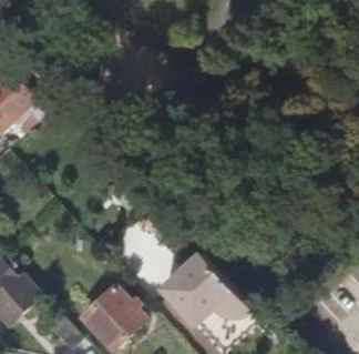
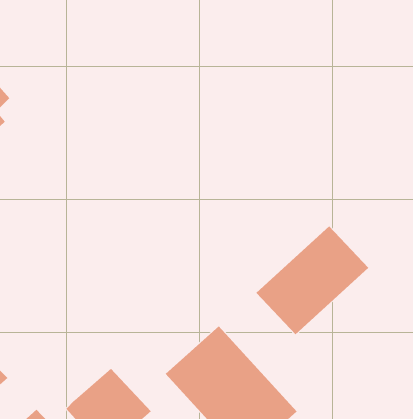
building: none -> [256,225,369,335]

